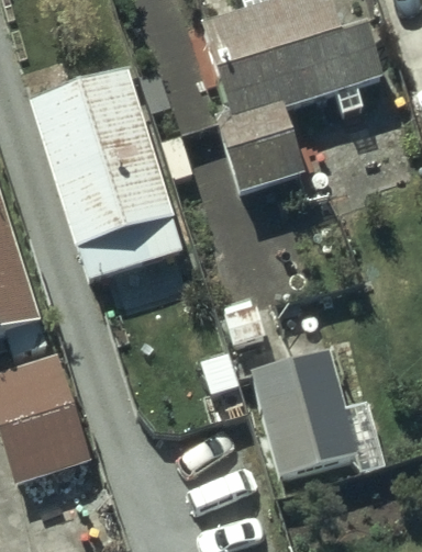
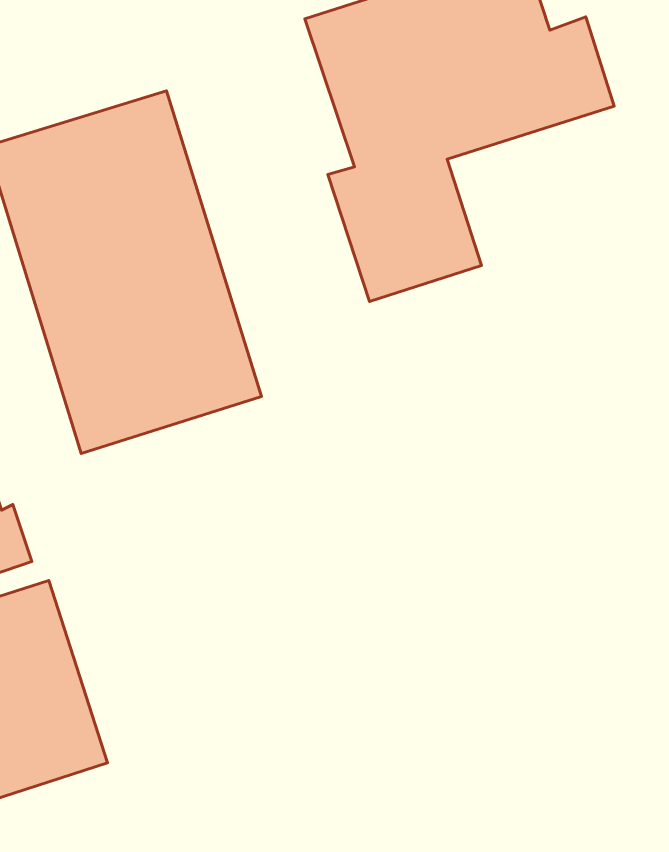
building: [247,345,359,472] -> none

